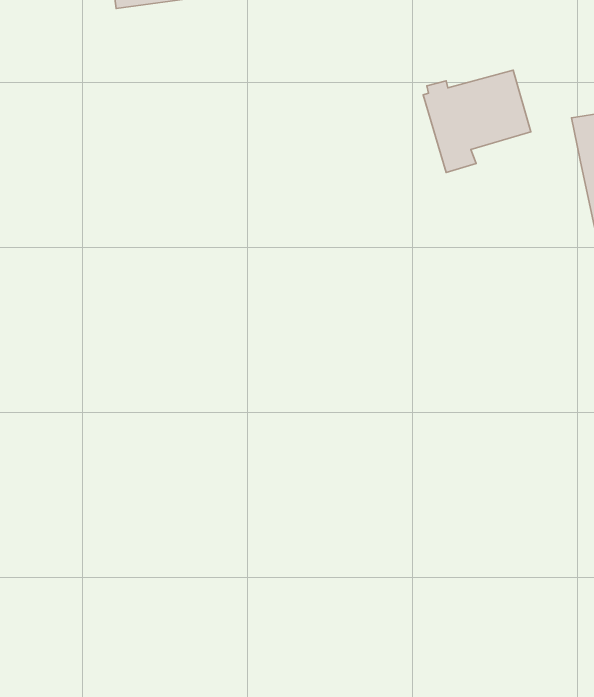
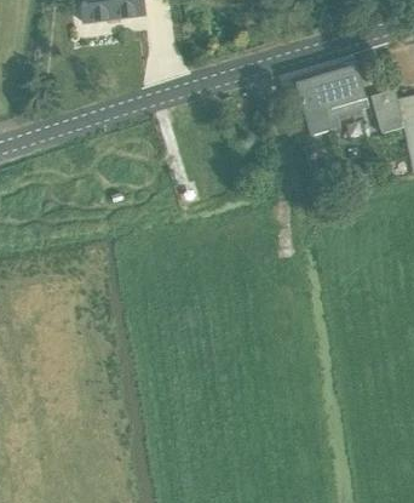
building: none -> [370,90,403,133]

